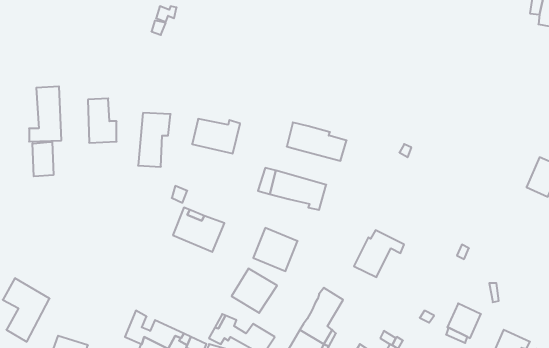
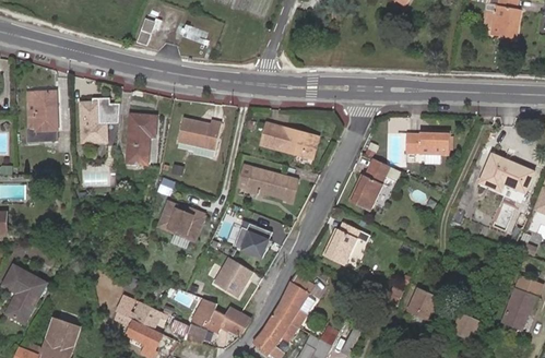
building: none -> [405,132,450,154]
building: [33,142,53,176] -> none
building: none -> [348,159,400,211]

